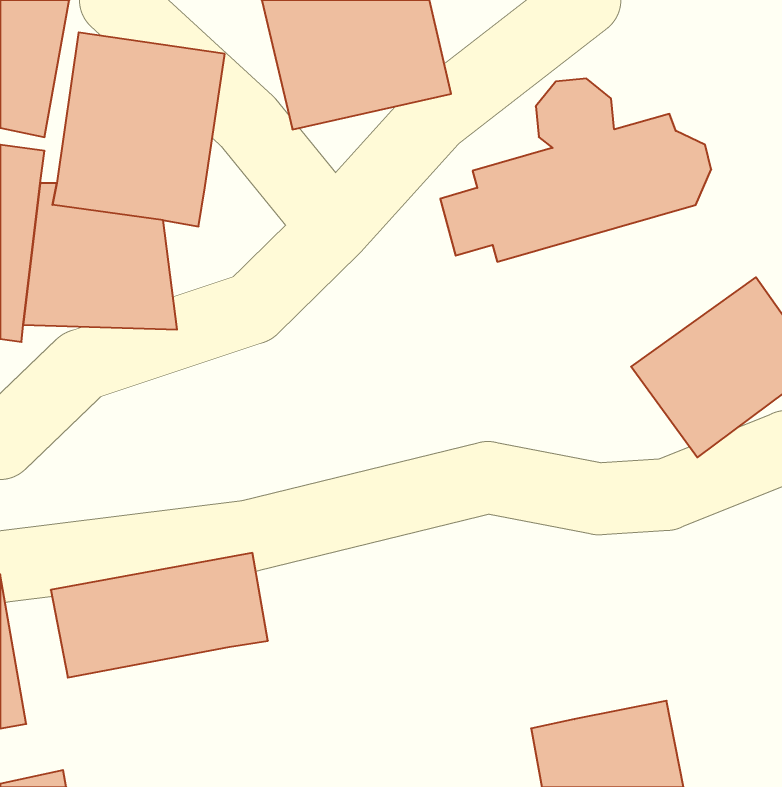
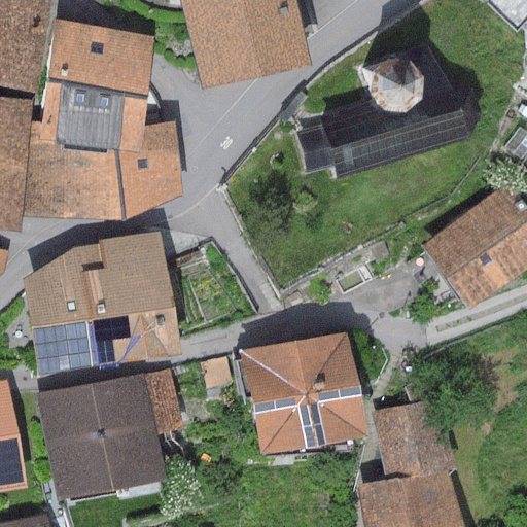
building: none -> [112,121,181,220]
building: none -> [23,233,179,372]
building: none -> [240,332,363,454]
building: none -> [374,400,453,481]
building: none -> [48,432,165,499]

